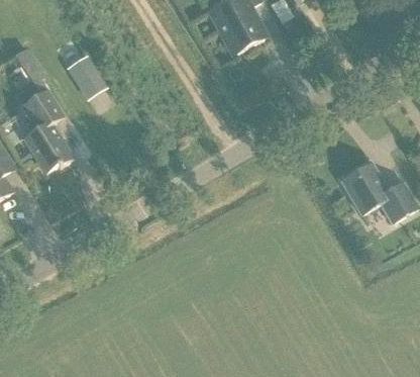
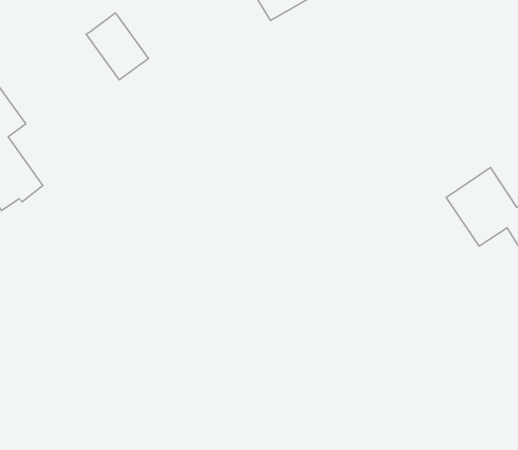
building: [67,55,107,99] -> [86,13,148,80]

